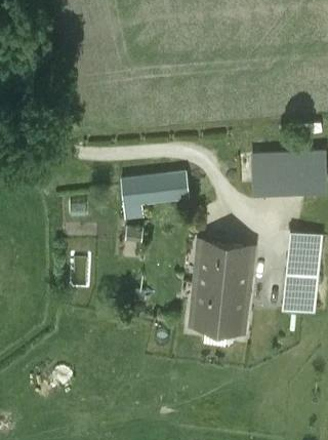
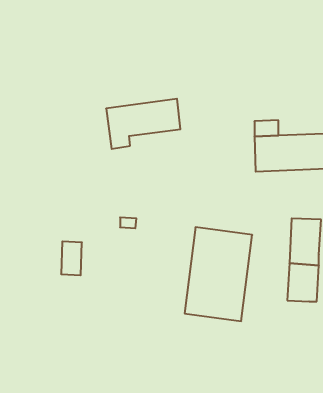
building: [118,174,188,222] -> [106,99,180,149]

